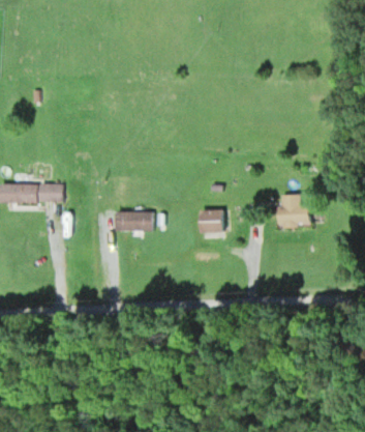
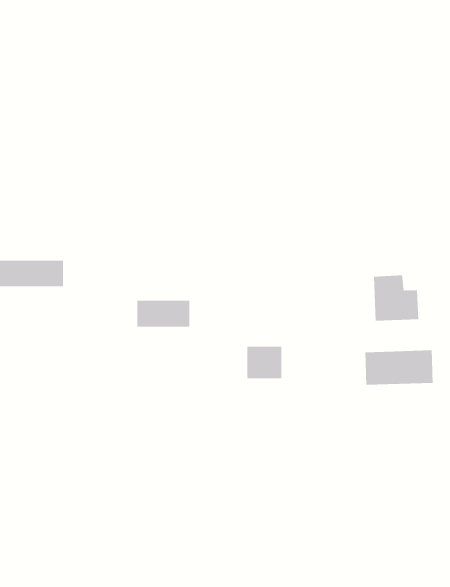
building: [200,210,224,233] -> [246,346,282,379]
building: none -> [365,350,433,386]

